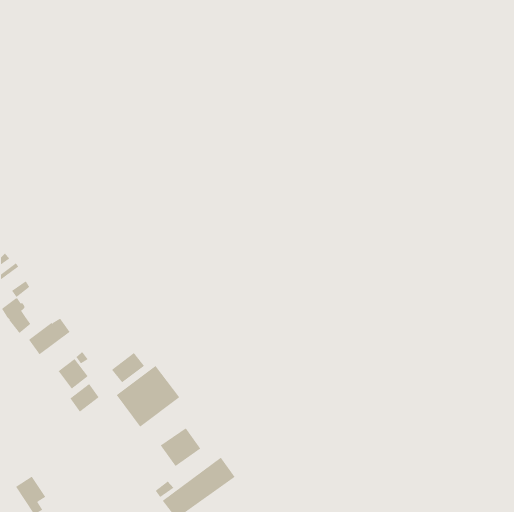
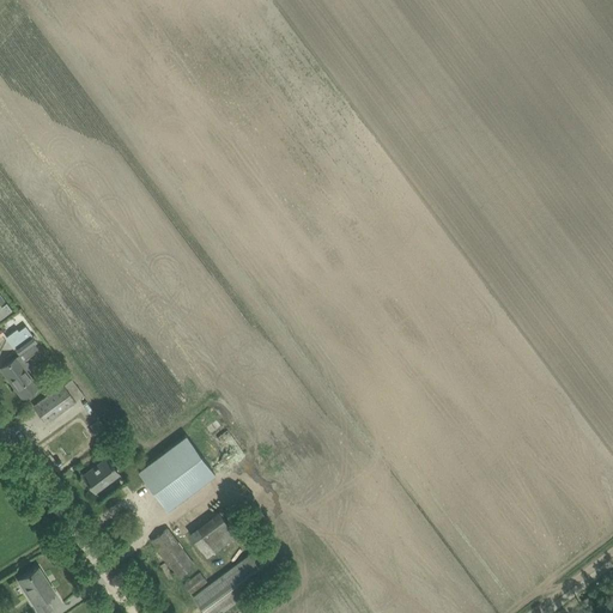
building: [111,352,145,383] -> none
building: [58,358,88,389] -> none
building: none -> [151,530,195,579]

